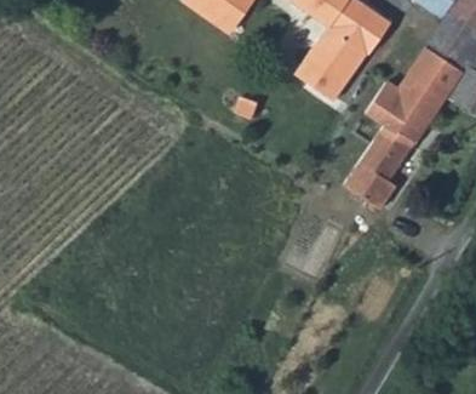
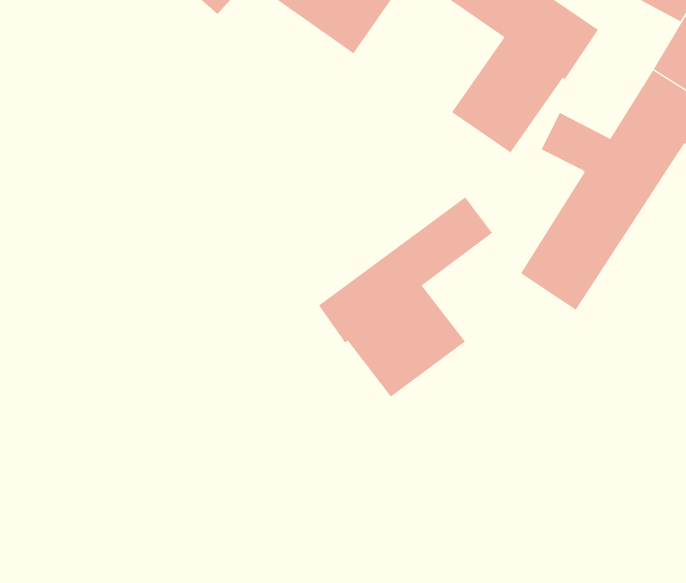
building: none -> [318,196,493,398]

